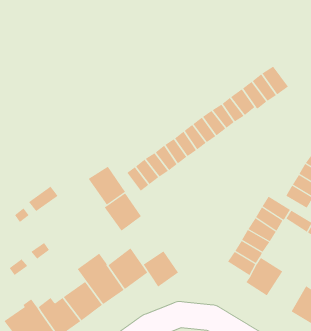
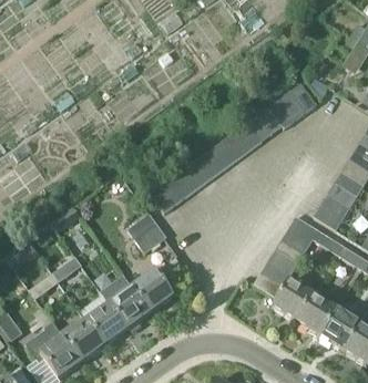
building: [88,166,126,205] -> none
building: [143,250,179,287] -> none
building: none -> [295,292,335,333]

